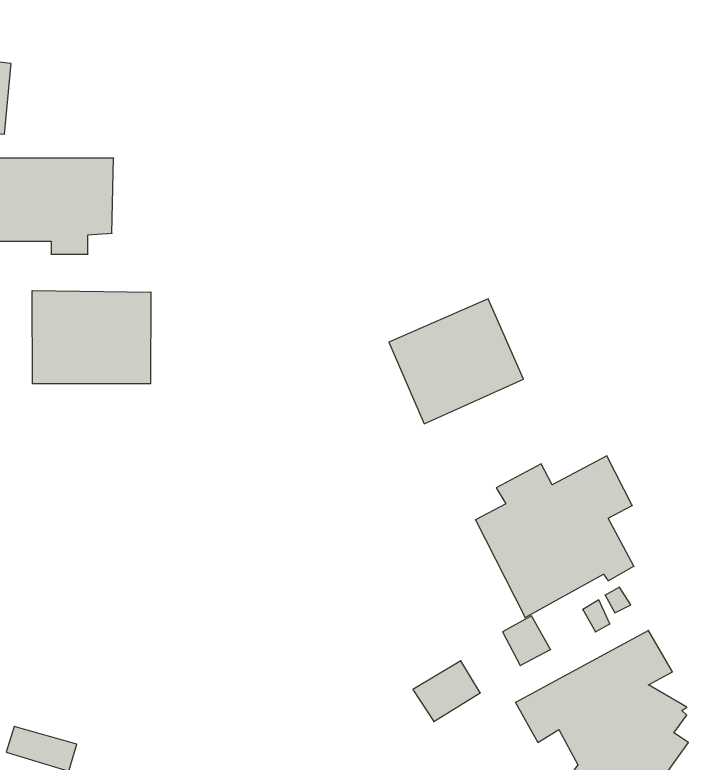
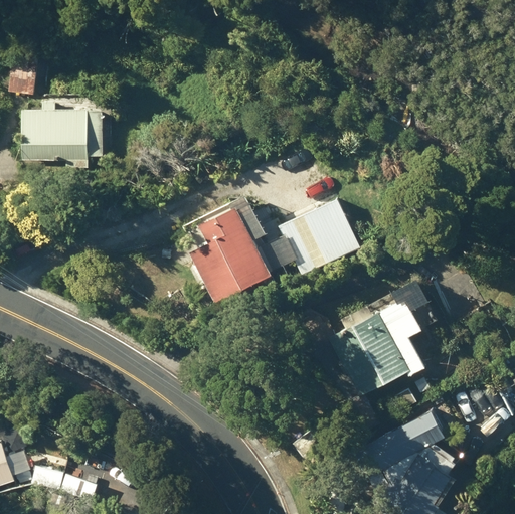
building: [32,291,151,384] -> none
building: none -> [190,204,276,303]

